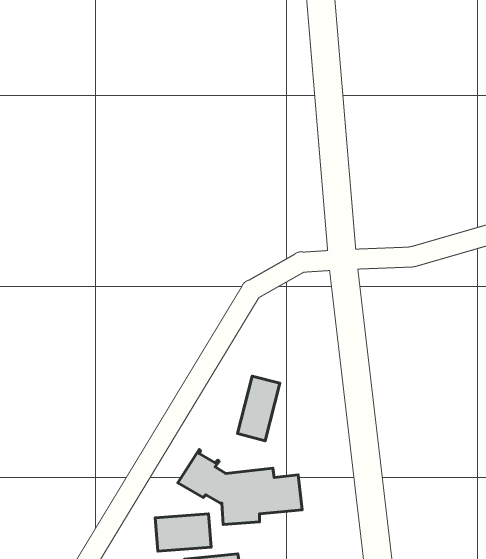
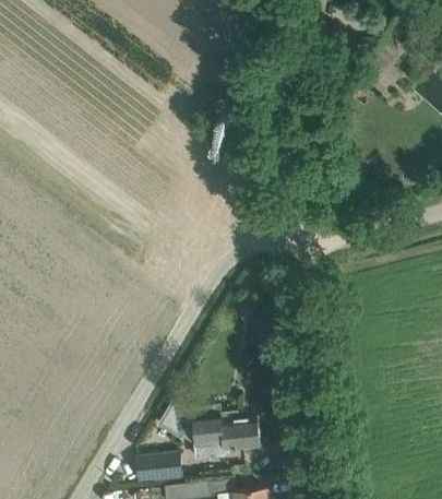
building: [238,376,280,441] -> none

